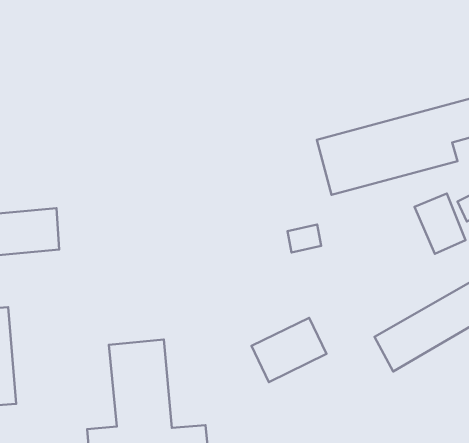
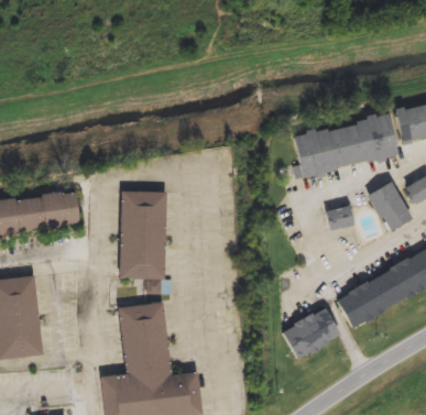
building: none -> [120,192,165,279]
building: [288,225,321,253] -> [326,207,353,230]
building: [251,318,327,382] -> [281,308,342,361]

